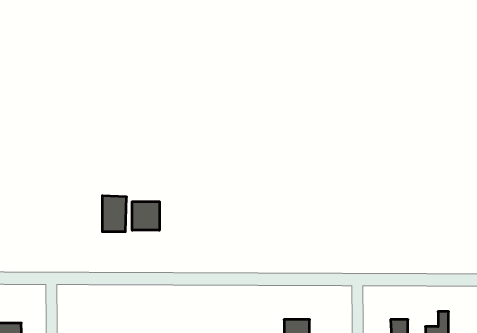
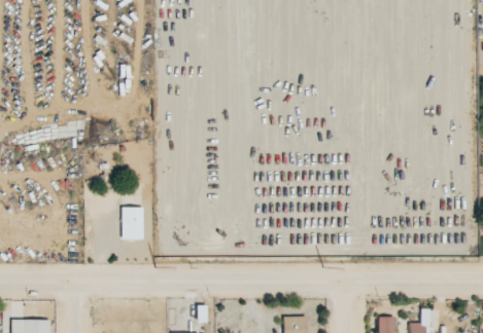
building: [132,202,159,230] -> none

